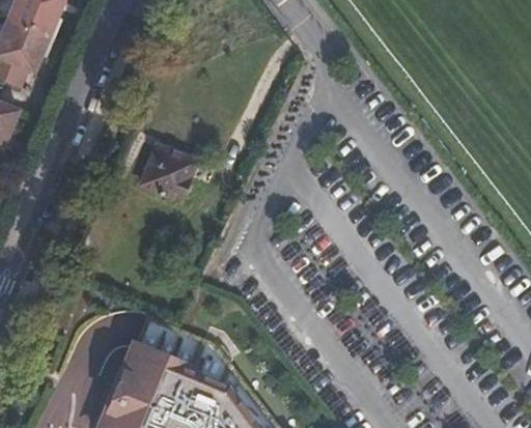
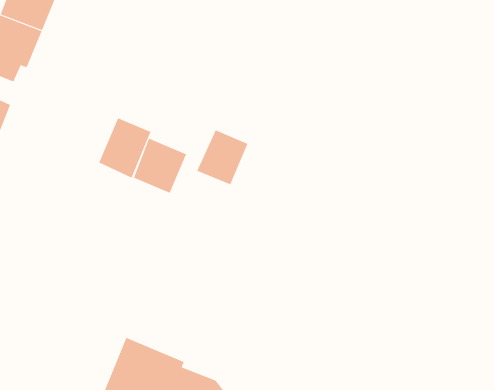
building: none -> [99,117,151,179]
building: none -> [196,130,248,185]

